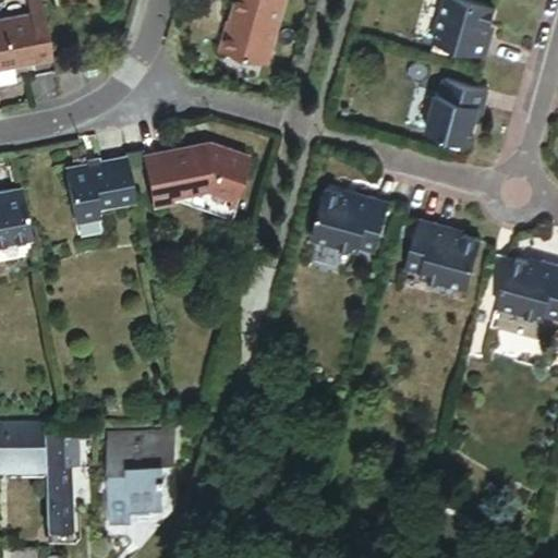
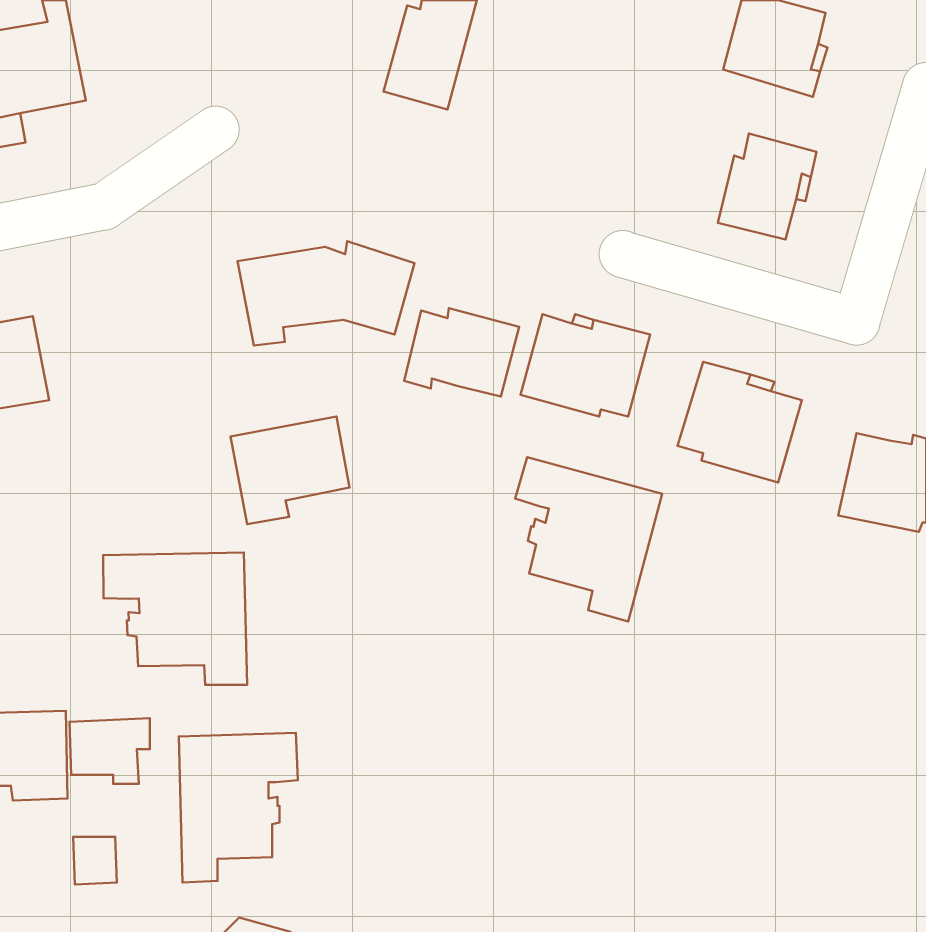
building: [62,159,133,223] -> [231,416,349,524]
building: none -> [404,308,519,396]
building: none -> [515,457,662,622]
building: none -> [103,552,247,685]
building: [43,463,69,500] -> none

